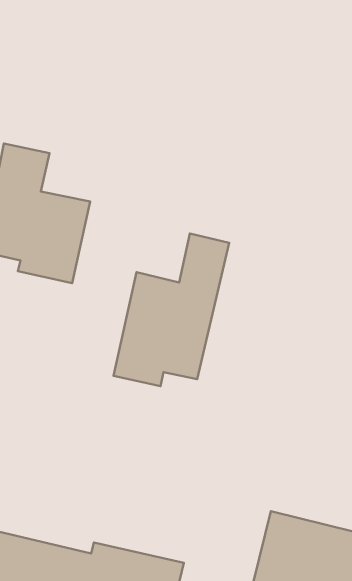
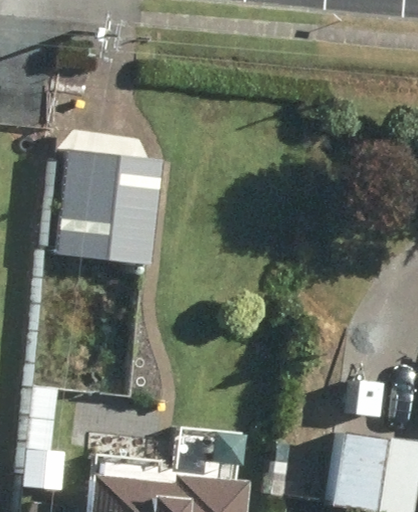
building: [114,234,229,386] -> none

